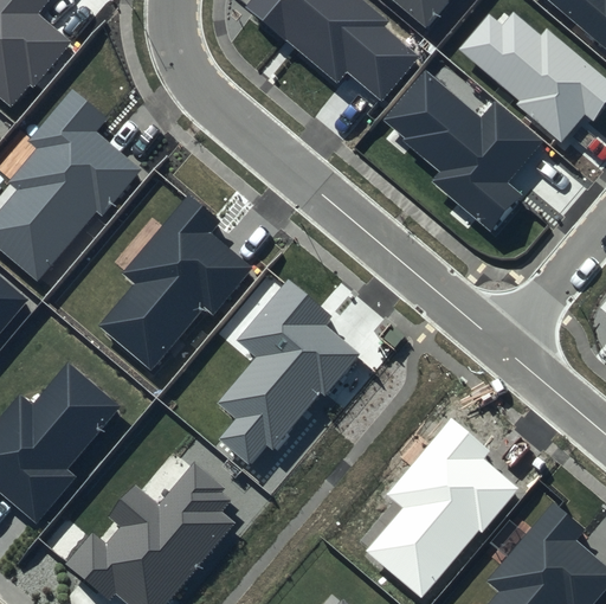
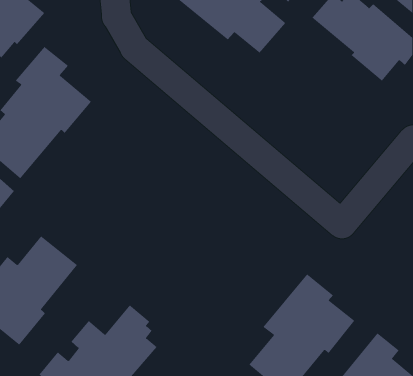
building: [383,72,542,230] -> none
building: [97,191,253,368] -> none
building: [218,281,357,465] -> none

